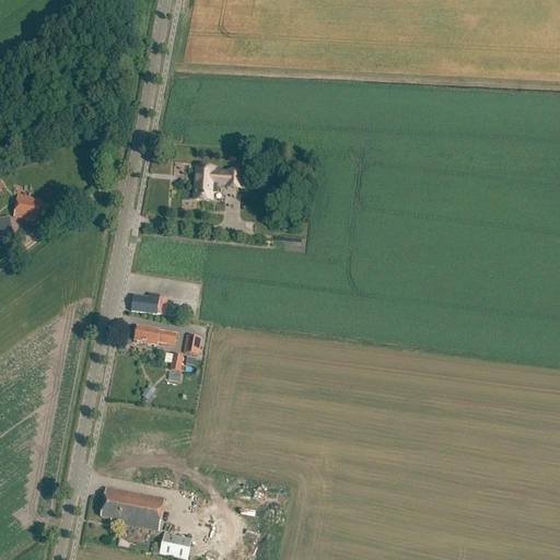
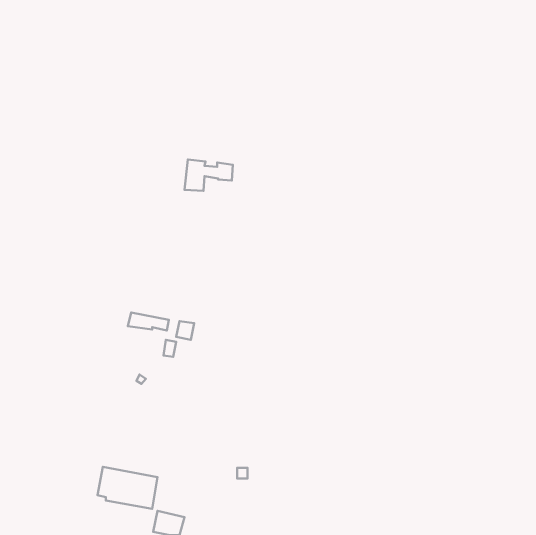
building: [14,196,50,220] -> none
building: [131,294,168,314] -> none

